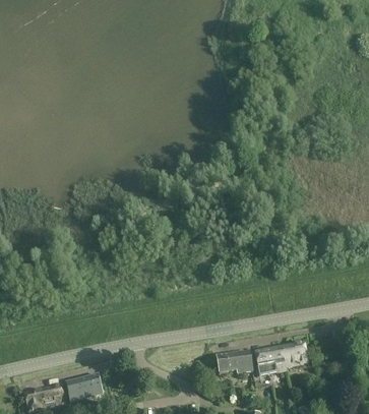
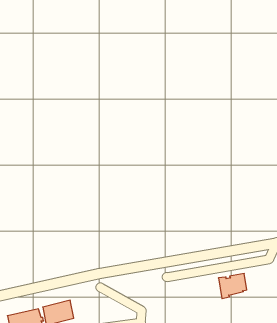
building: [254,347,278,374] -> none
building: [217,351,252,373] -> none

